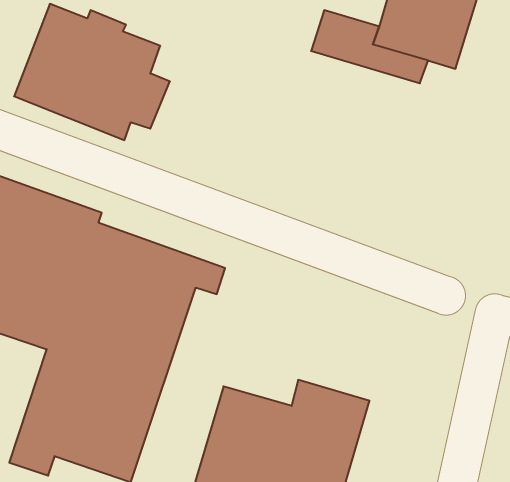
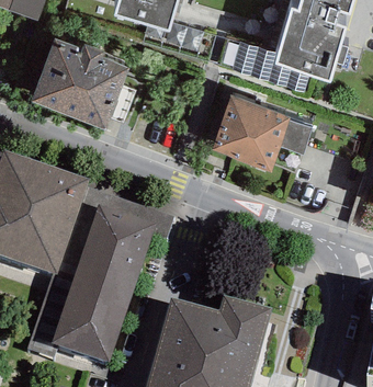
building: none -> [211,95,312,171]

